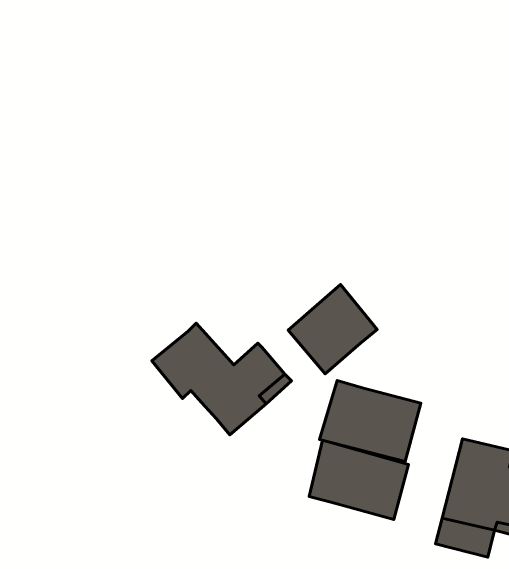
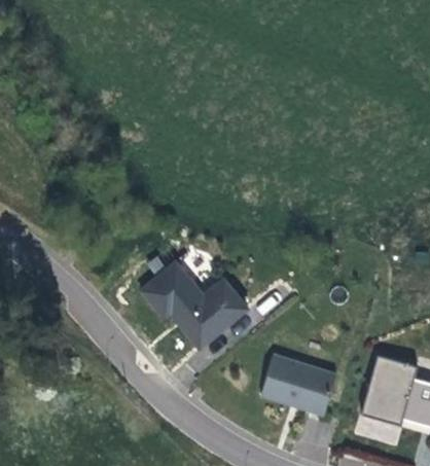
building: [288,285,377,374] -> none
building: [319,381,421,461] -> none

